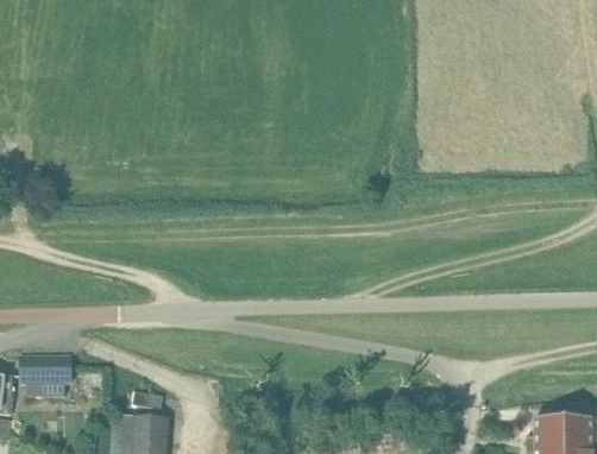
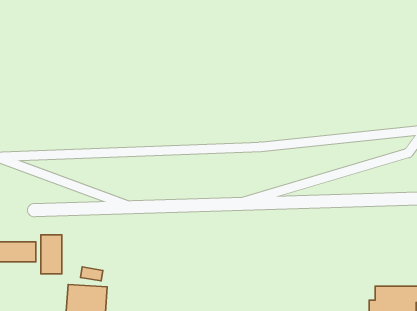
building: none -> [41,235,62,274]

